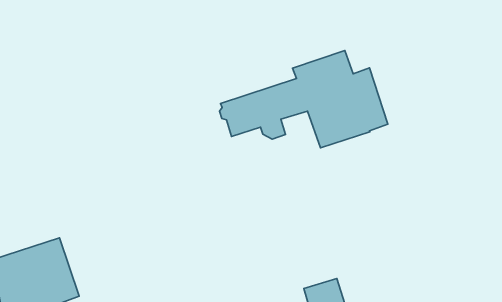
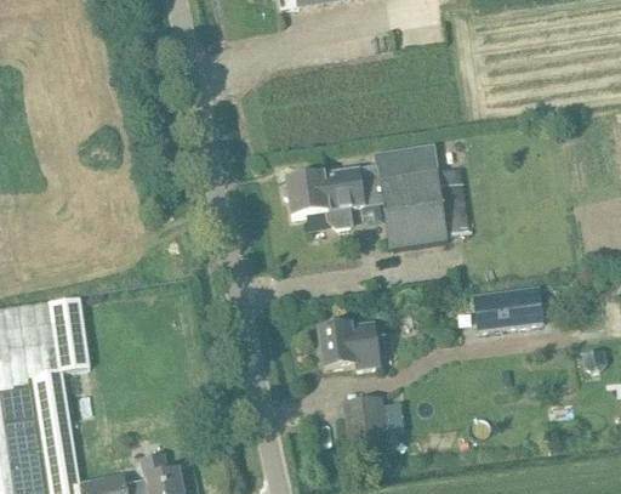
building: none -> [473,286,542,329]
building: none -> [318,322,378,368]

